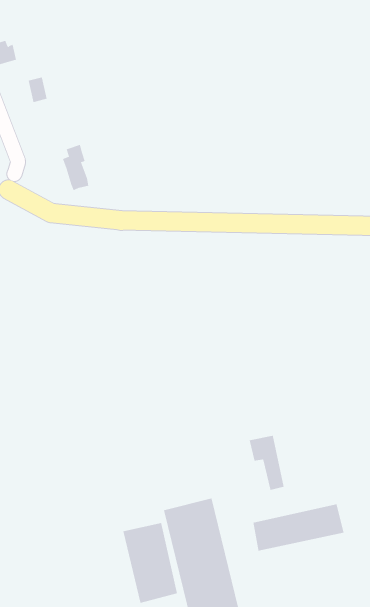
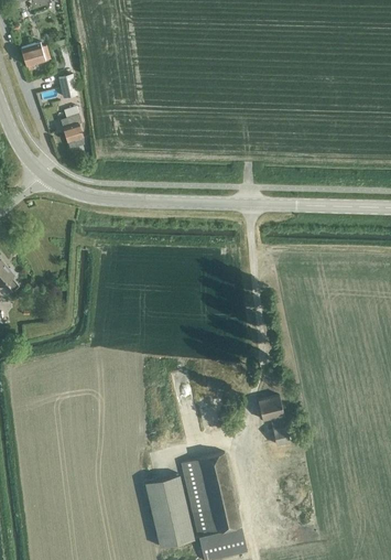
building: [62,144,89,191] -> [59,107,84,149]
building: [253,503,344,551] -> none

